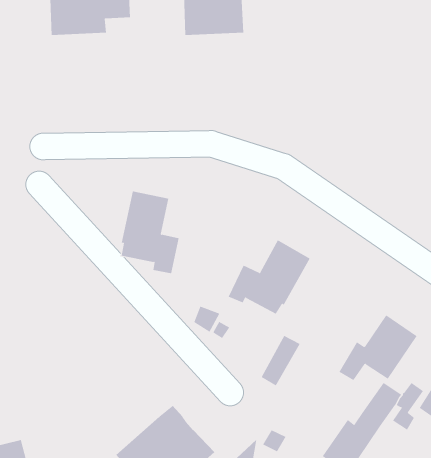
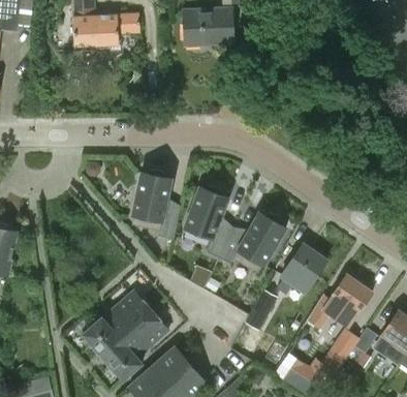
building: none -> [184,186,230,257]
building: none -> [275,243,326,302]
building: none -> [82,291,167,379]

